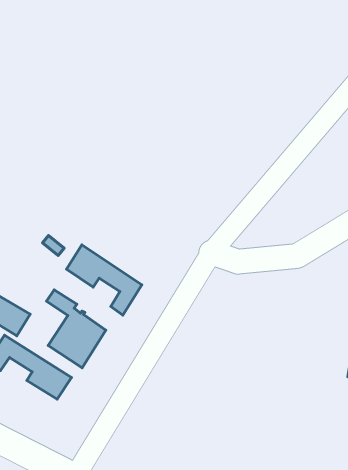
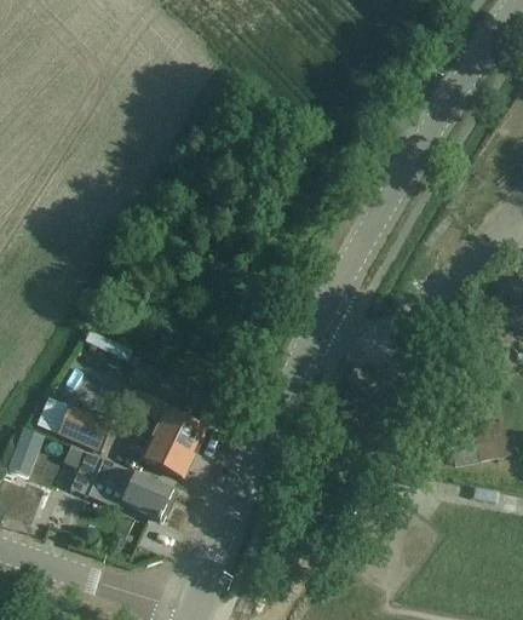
building: [66,245,142,315] -> none

